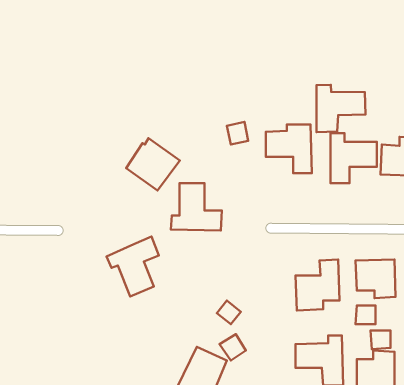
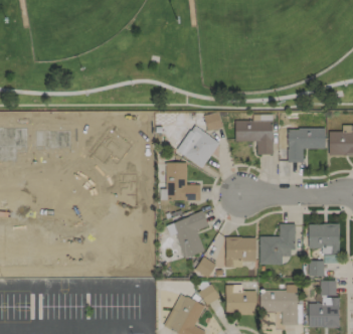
building: [317,85,365,132] -> none
building: [126,138,180,191] -> [177,126,220,168]
building: [106,237,159,297] -> [165,209,207,258]
building: none -> [224,236,256,268]
building: none -> [225,285,256,314]

